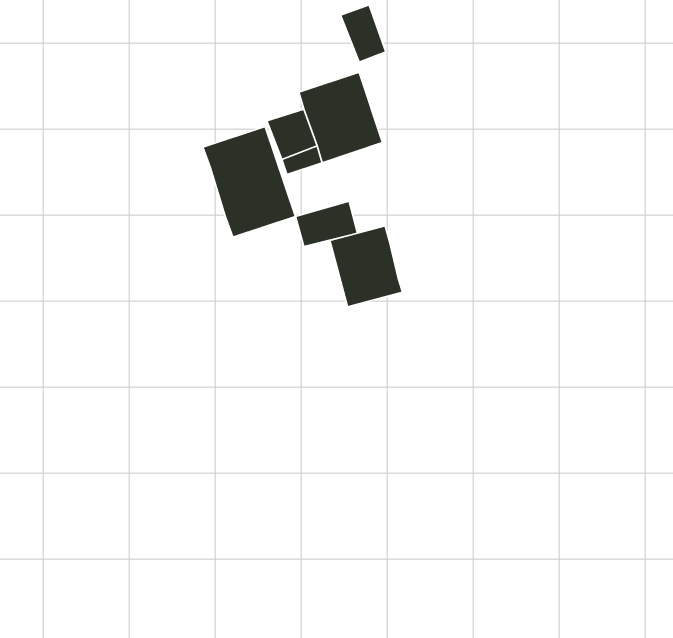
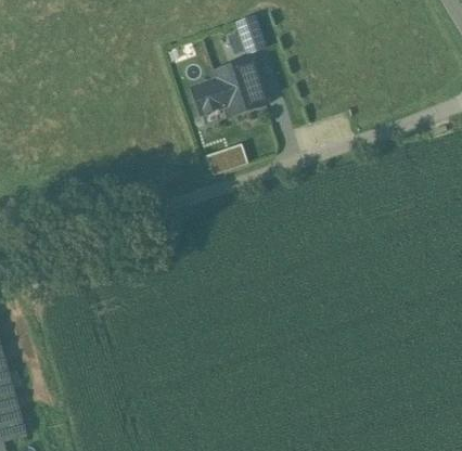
building: [203,126,295,237] -> none
building: [330,226,403,307] -> none

